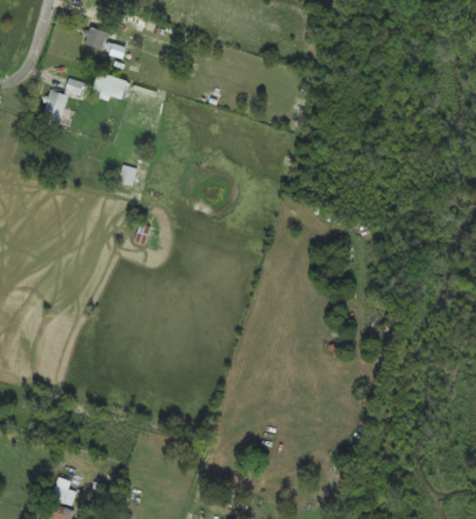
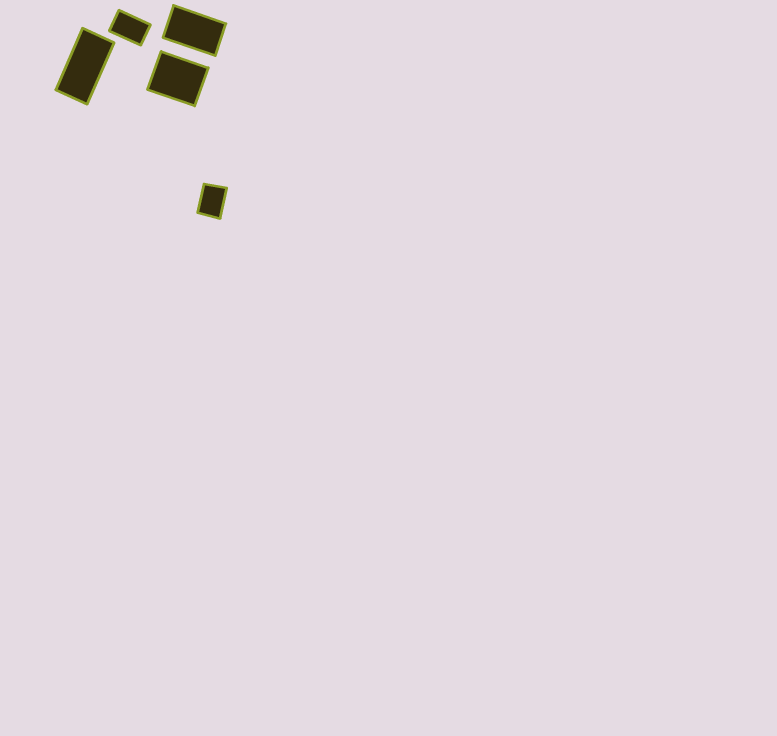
building: none -> [148,51,208,106]

